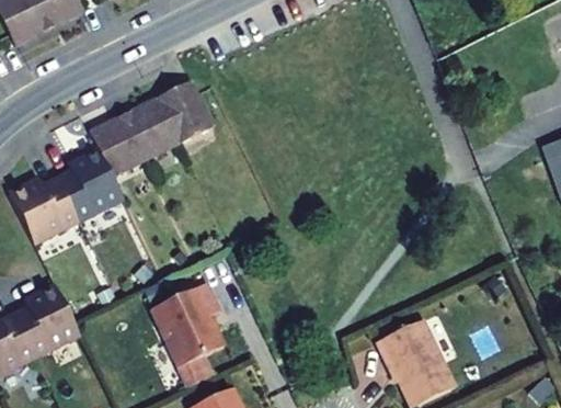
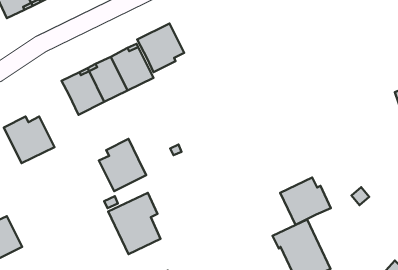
building: none -> [137,23,184,72]
building: [58,149,123,220] -> [99,139,146,191]
building: none -> [280,177,331,225]
building: [14,285,79,356] -> none

